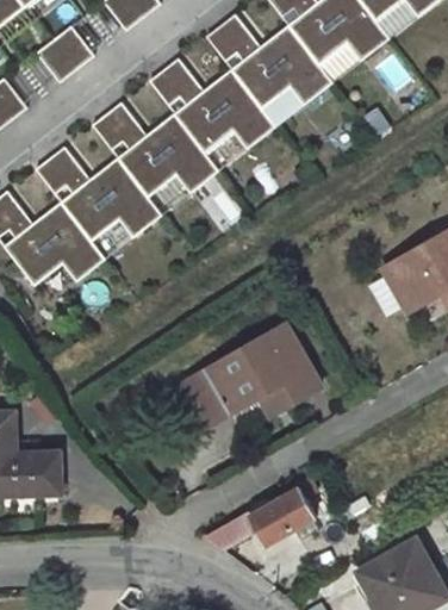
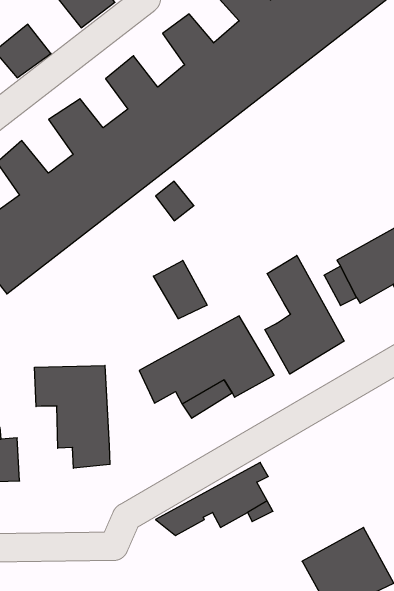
building: none -> [265,255,344,374]
building: none -> [153,260,207,319]
building: none -> [35,365,110,468]

